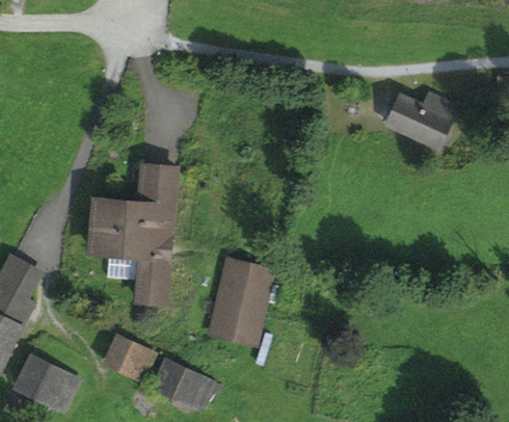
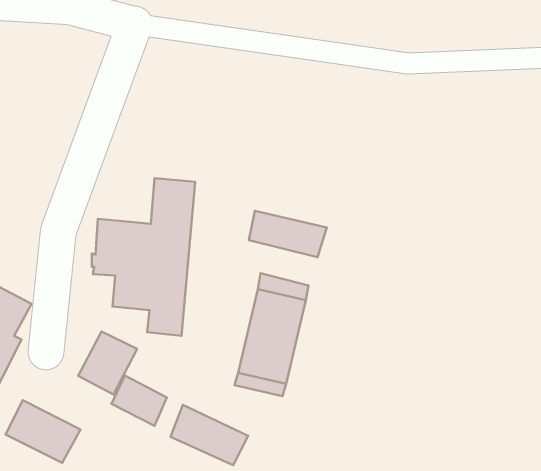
building: [386,93,457,147] -> none
building: none -> [249,211,327,257]
building: none -> [78,332,137,395]

